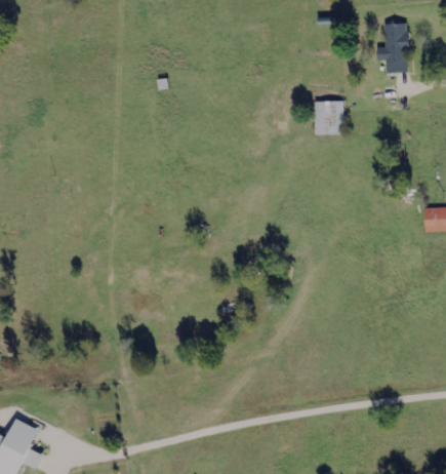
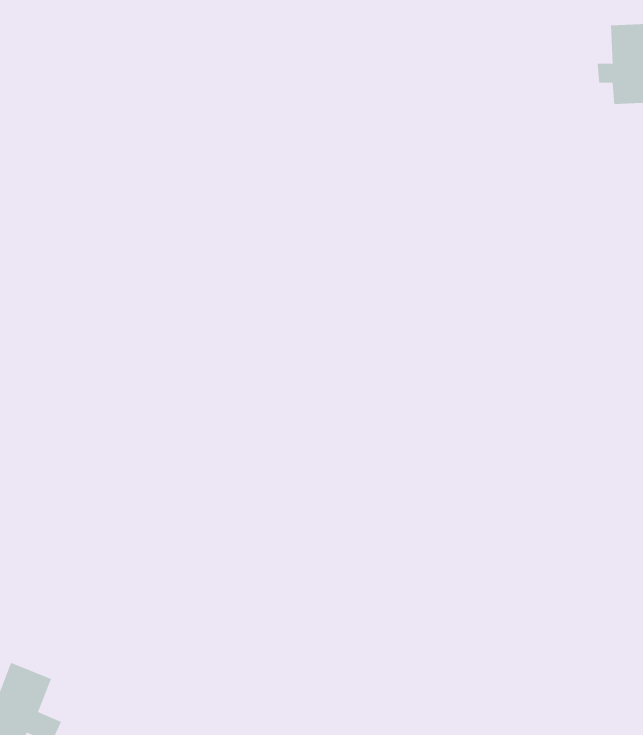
building: [314,101,342,133] -> none

